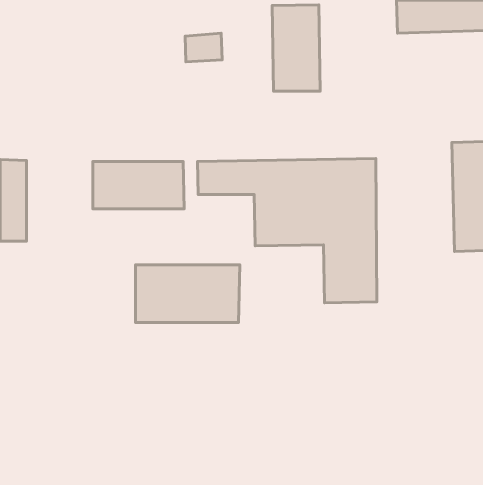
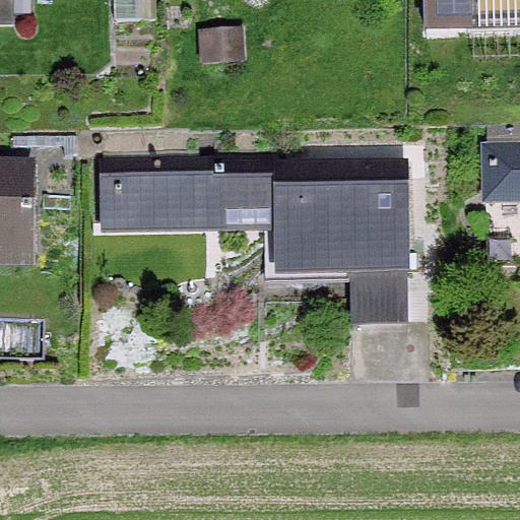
building: [272,5,320,91] -> none
building: [135,265,240,323] -> none

